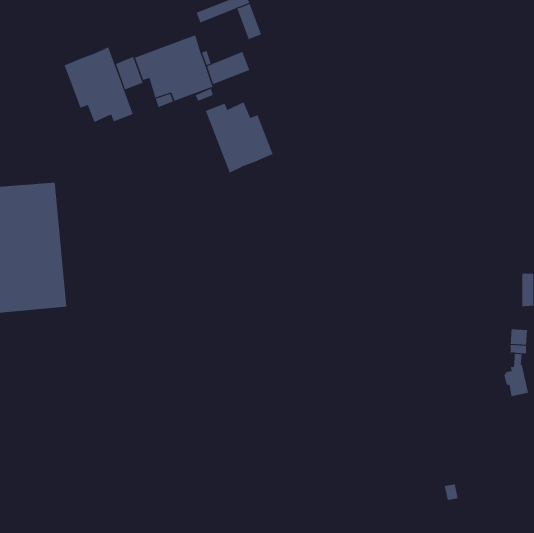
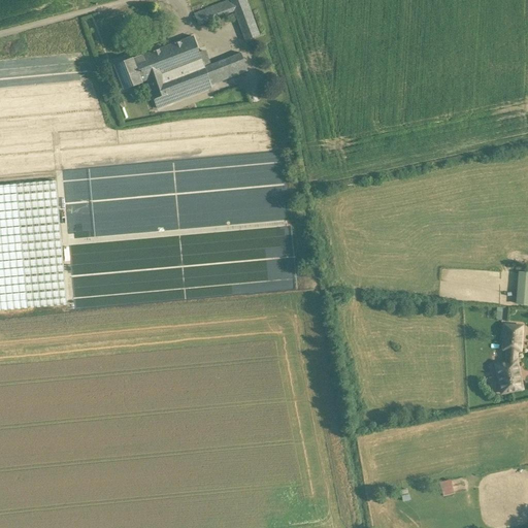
building: [64,46,134,123] -> none
building: [205,102,273,173] -> none

